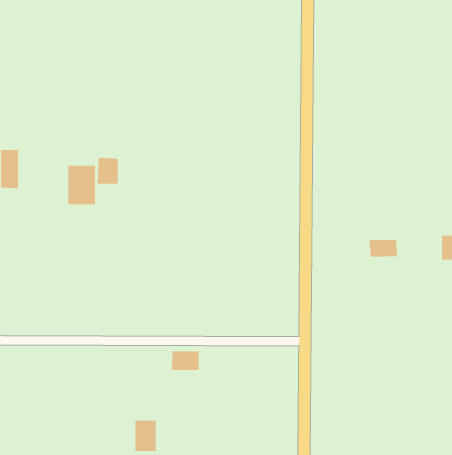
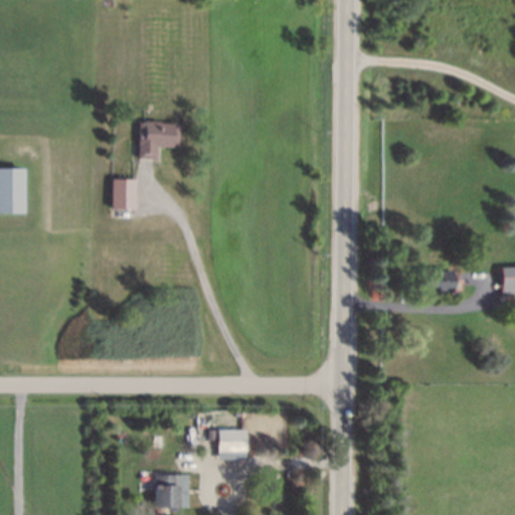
building: none -> [139,123,181,161]
building: [68,165,96,205] -> none
building: [171,351,199,371] -> [217,431,249,453]

